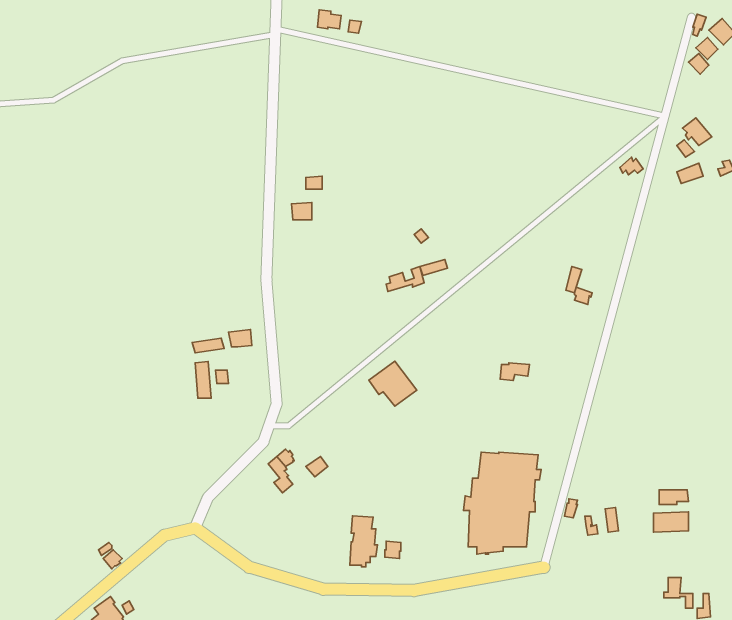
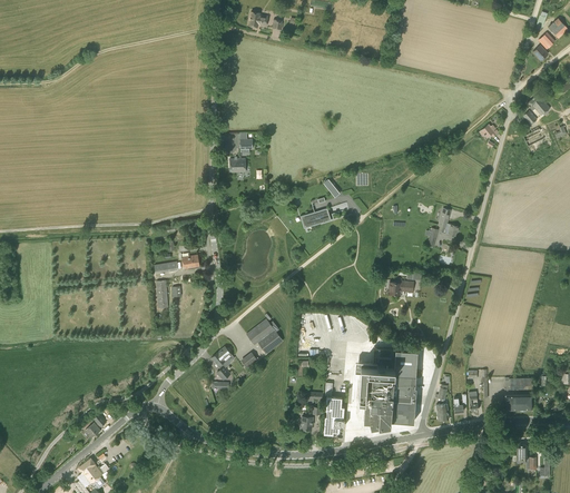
building: [369,361,417,406] -> [246,319,283,354]
building: [350,516,377,567] -> [324,397,345,436]

